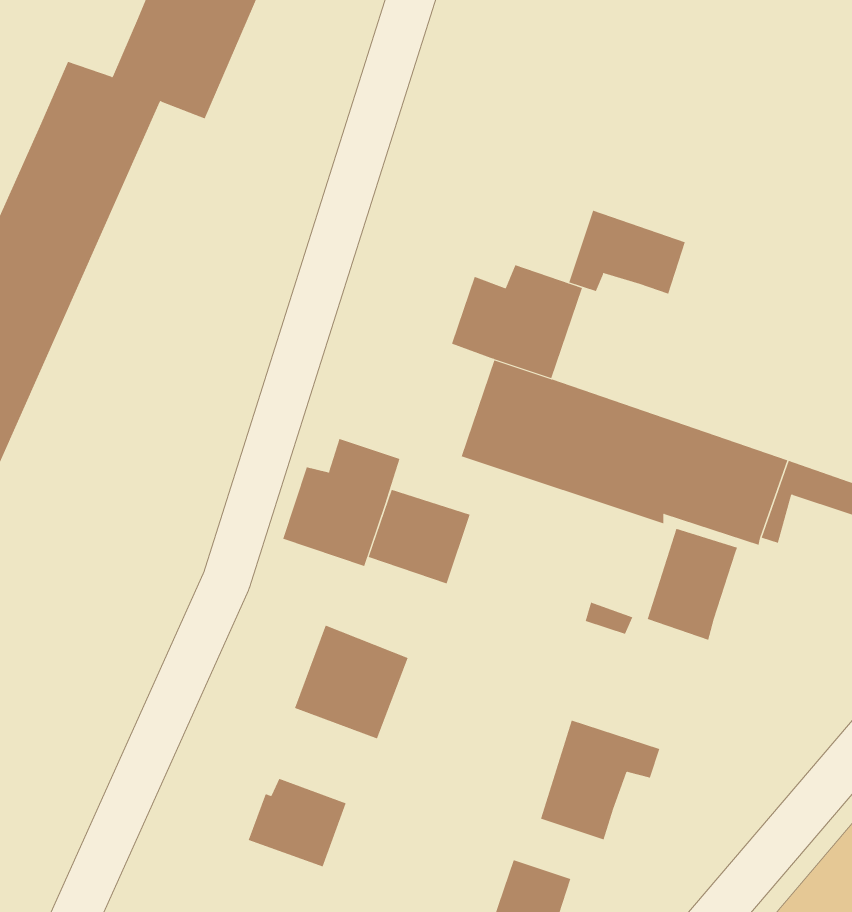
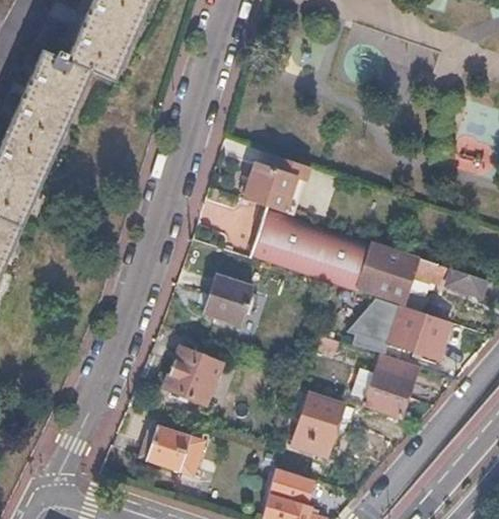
building: [569,210,686,294] -> none
building: [282,438,400,567] -> none
building: none -> [383,307,450,360]
building: none -> [351,354,418,416]

